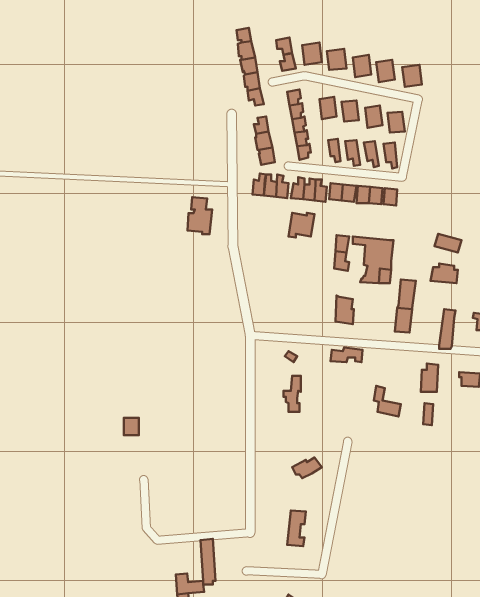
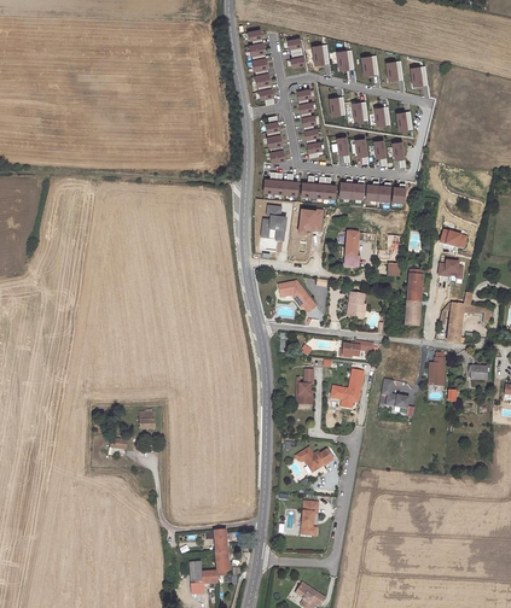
building: [187,197,212,234] -> [262,204,286,240]
building: none -> [277,281,317,314]
building: none -> [329,369,361,403]

